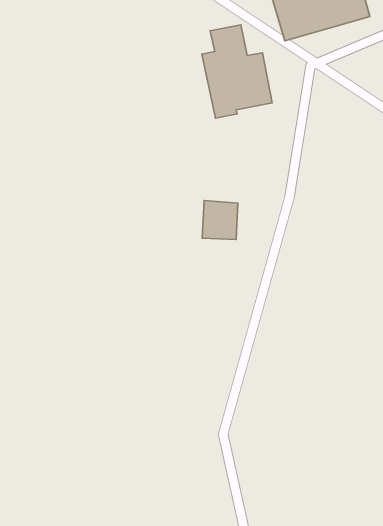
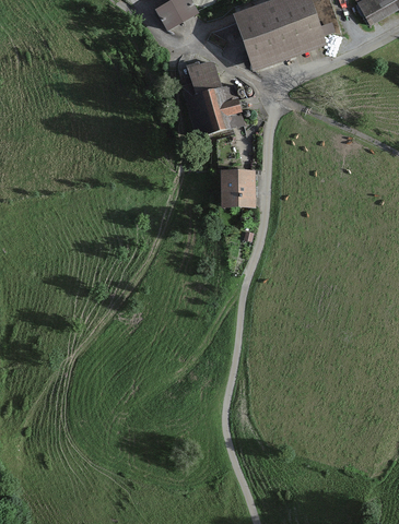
building: [202,201,238,240] -> [224,170,255,203]

